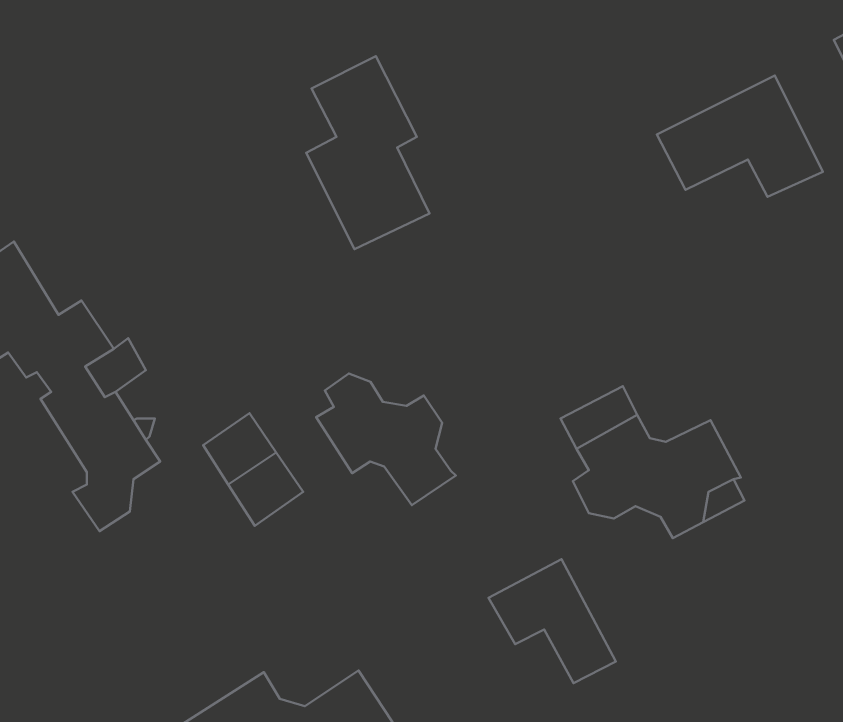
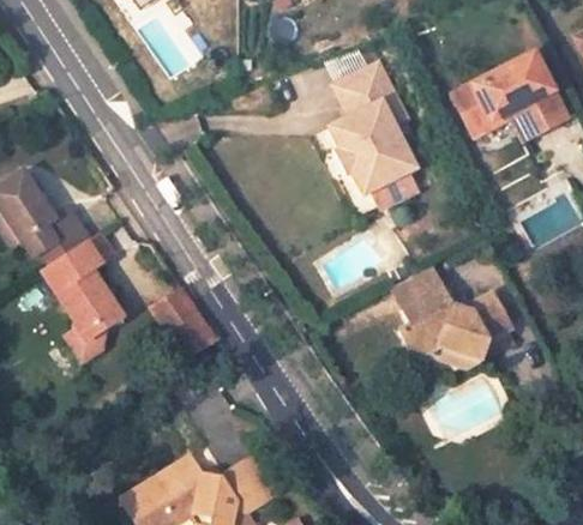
building: [306,56,429,249] -> [333,66,416,195]
building: [316,374,456,505] -> none
building: [489,559,616,683] -> none

